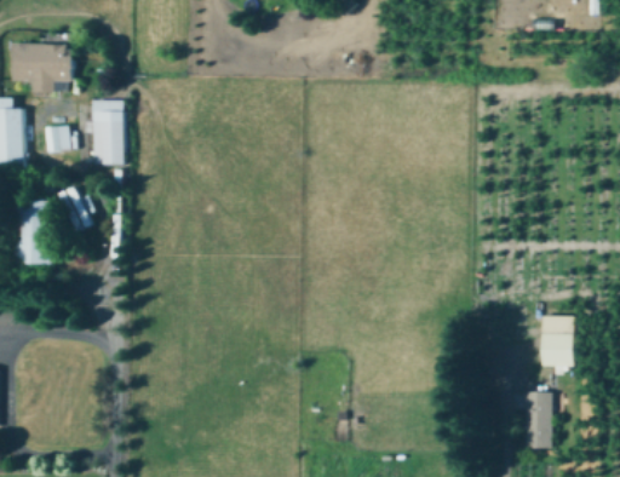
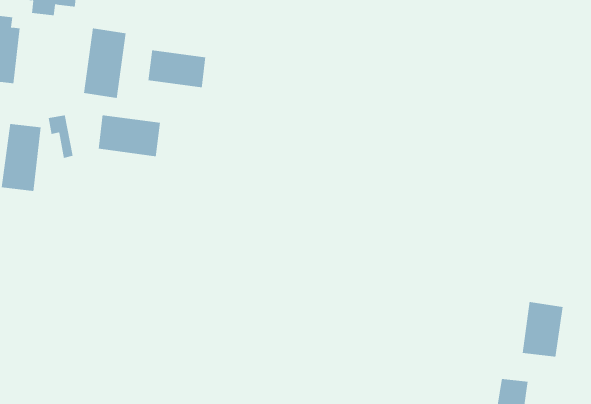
building: none -> [148,49,206,88]
building: [41,126,68,151] -> none
building: none -> [98,114,160,157]

